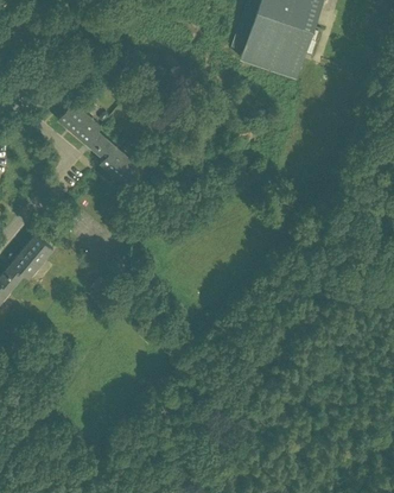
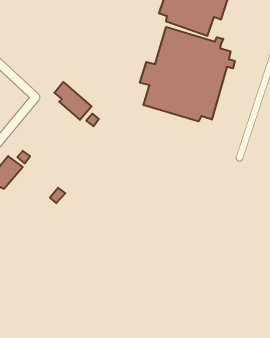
building: none -> [140,27,235,121]
building: [56,102,106,152] -> none

